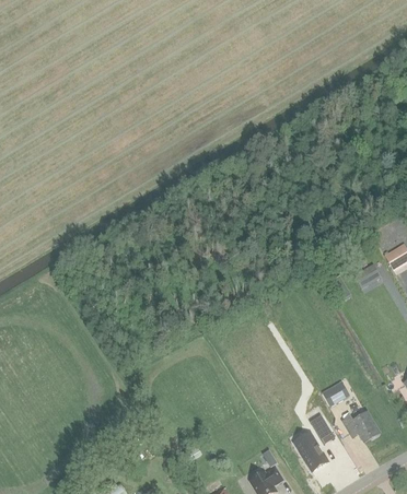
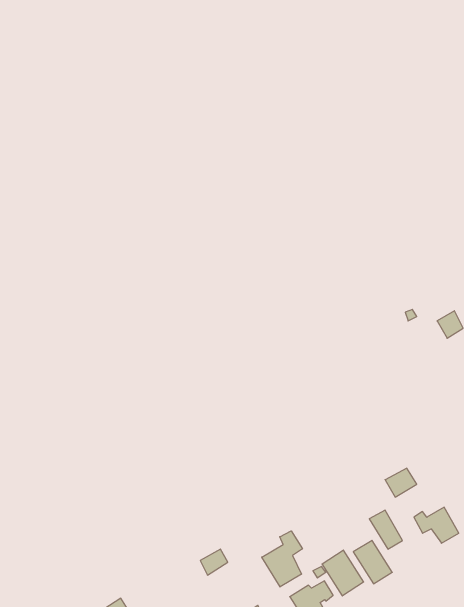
building: none -> [262,531,302,587]
building: none -> [322,550,364,596]

